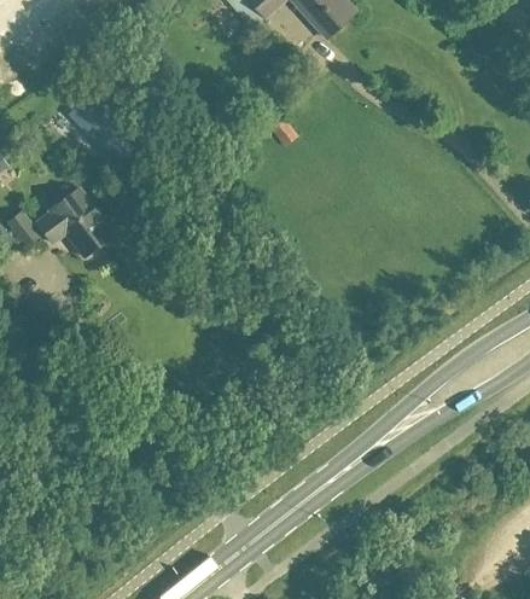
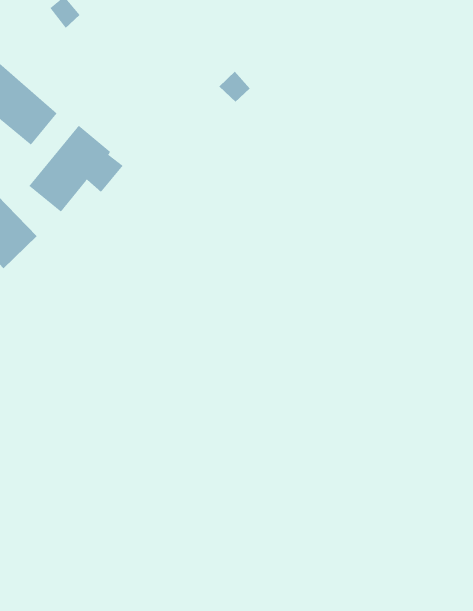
building: none -> [29,125,123,212]

